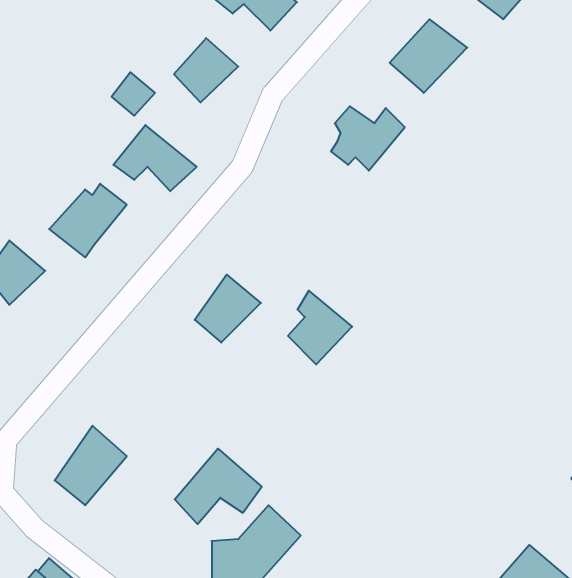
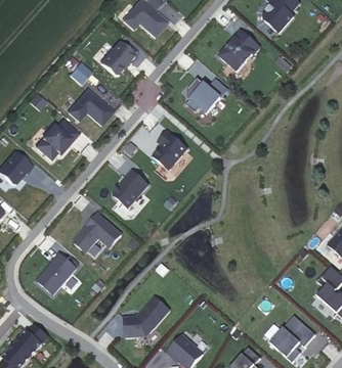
building: [288,291,352,364] -> [154,130,188,170]
building: [175,449,262,524] -> [75,213,122,254]

